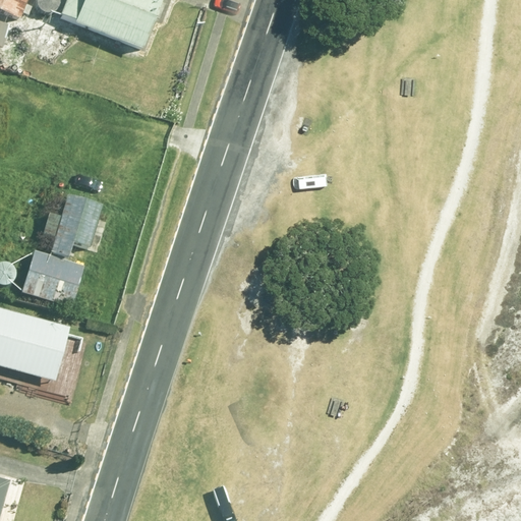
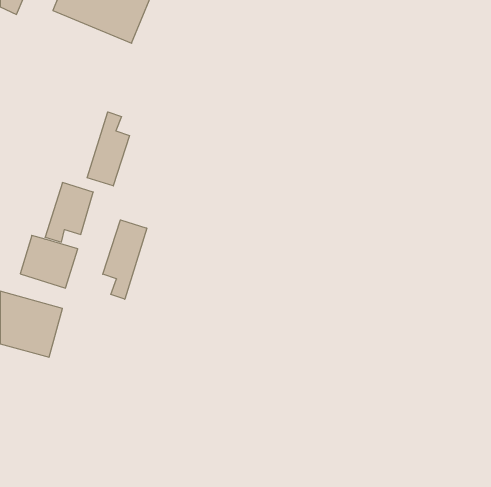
building: none -> [87,112,130,186]
building: none -> [103,220,147,299]

